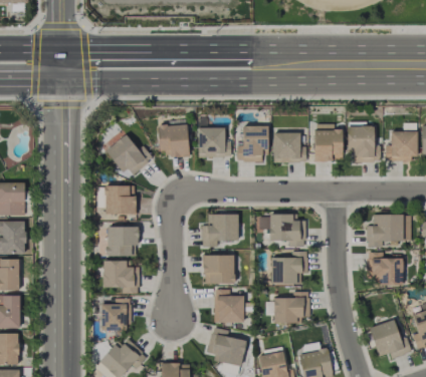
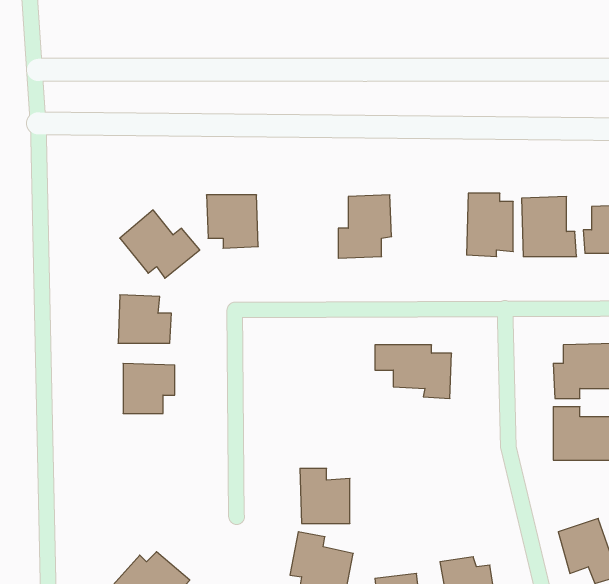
building: [197,126,230,156] -> none
building: [272,131,305,162] -> none
building: [201,214,238,247] -> none
building: [270,251,306,284] -> none
building: [202,254,234,284] -> none
building: [101,260,139,294] -> none
building: [272,292,308,323] -> none
building: [101,298,130,331] -> none

